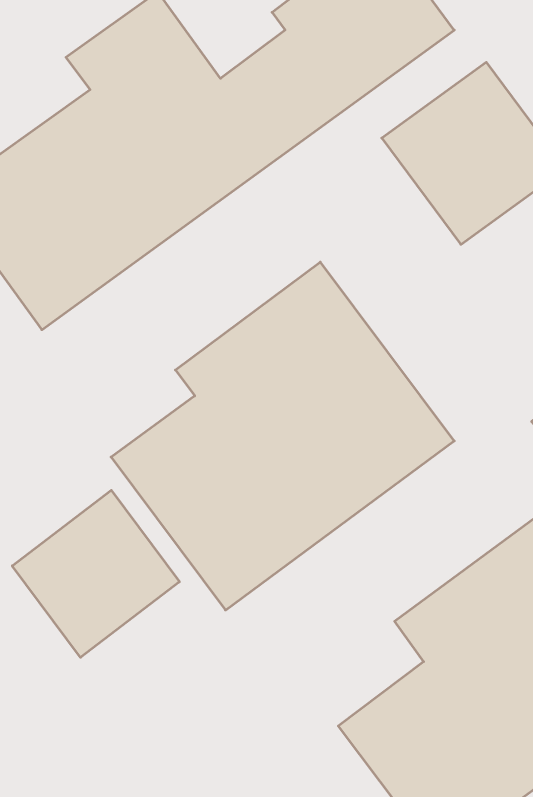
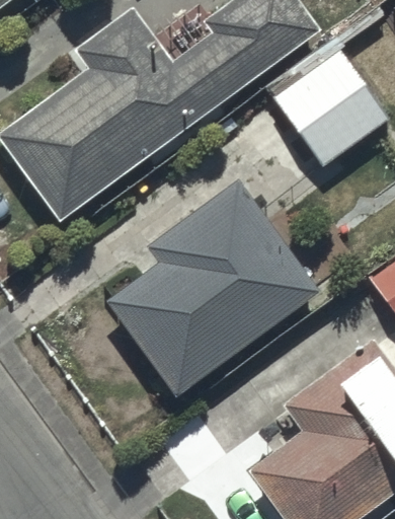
building: [12,490,179,657] -> none

